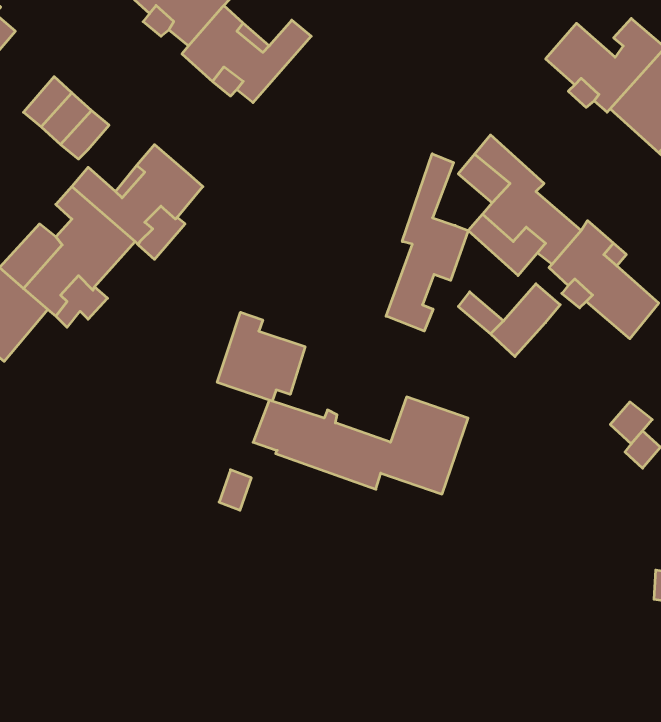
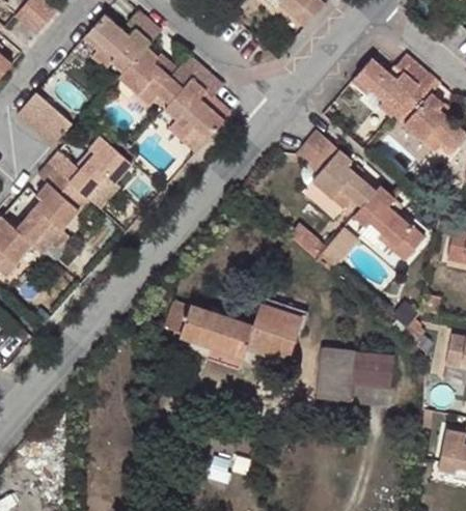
building: none -> [164,66,223,143]
building: [386,154,468,331] -> none
building: [217,312,305,401] -> none
building: none -> [321,348,391,401]

